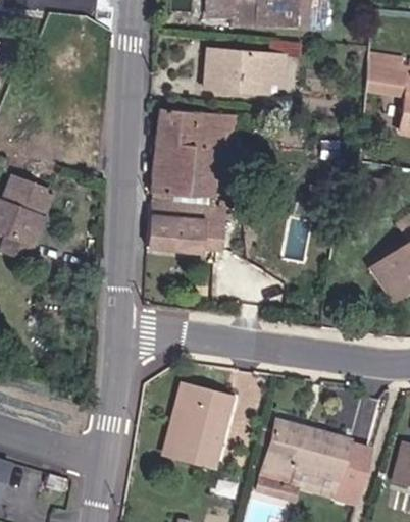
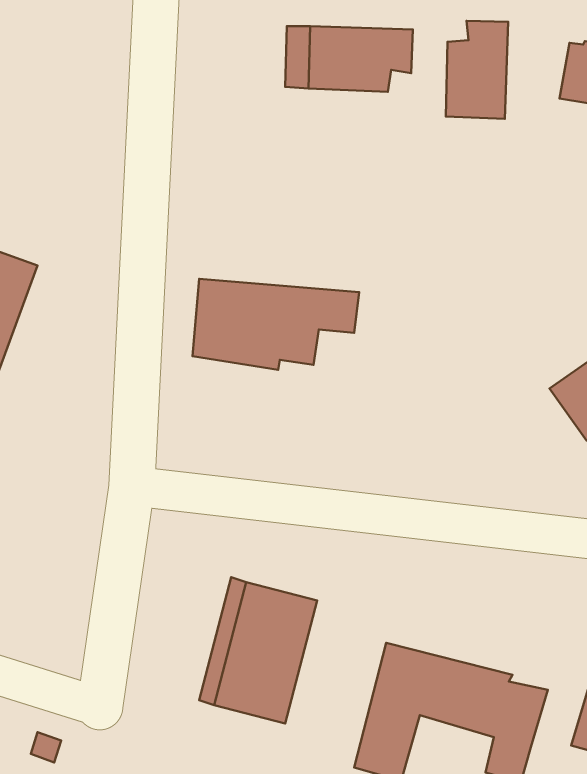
building: none -> [446,21,508,119]
building: [159,109,255,197] -> none

